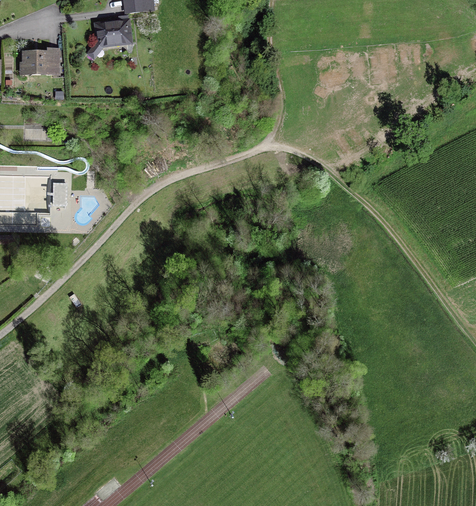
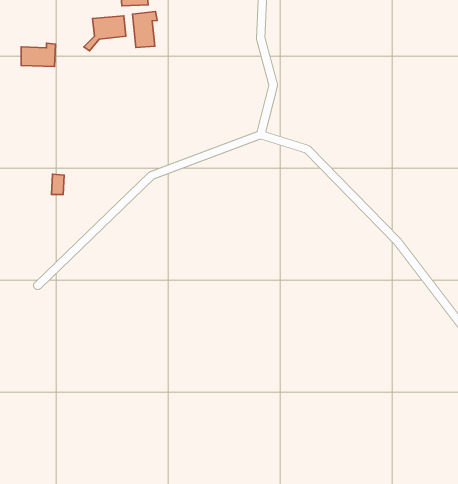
building: none -> [133,12,157,47]

